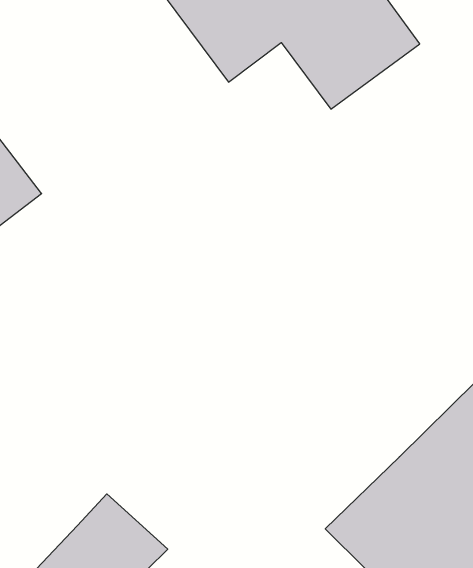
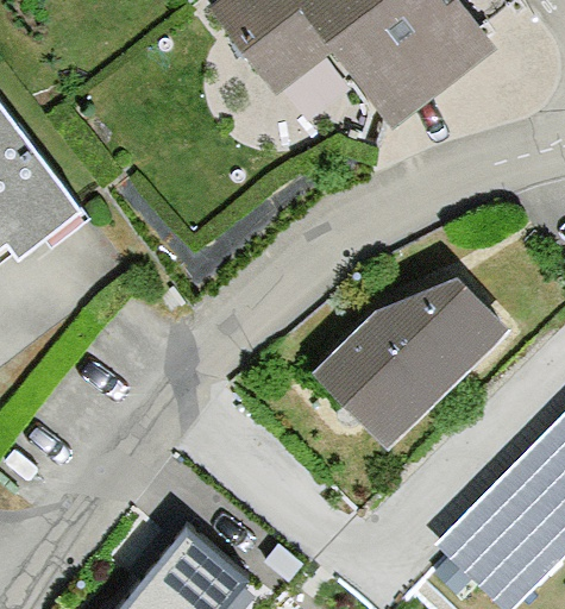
building: none -> [320,282,513,448]

